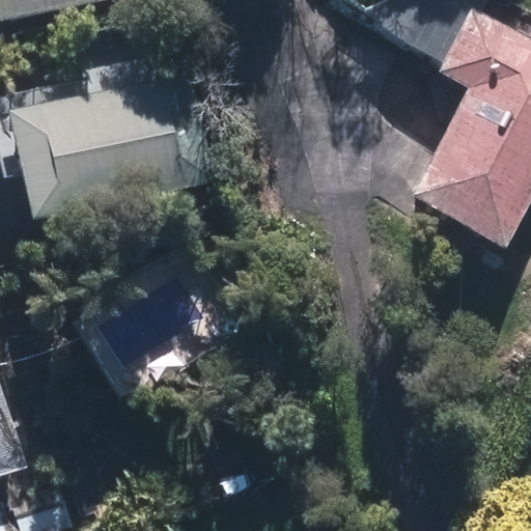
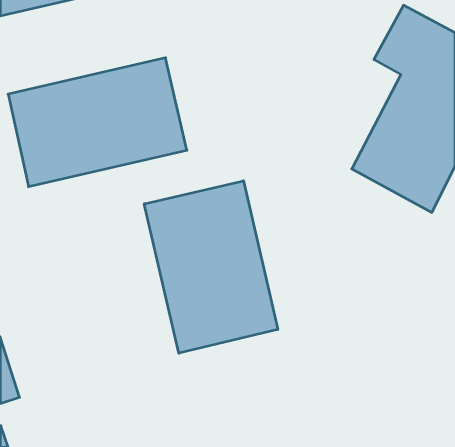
building: none -> [144,181,278,353]

